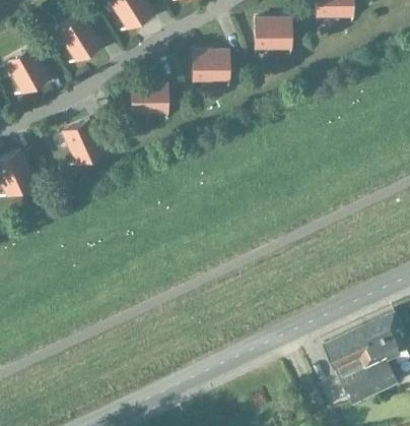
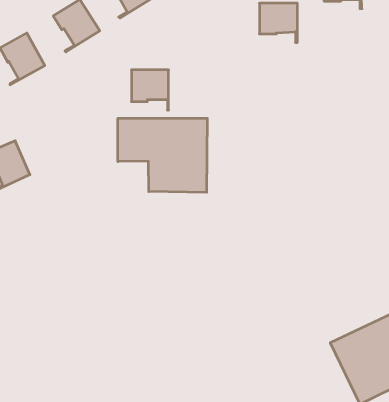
building: [193,51,229,89] -> none
building: [62,120,105,169] -> none
building: none -> [118,118,207,192]

